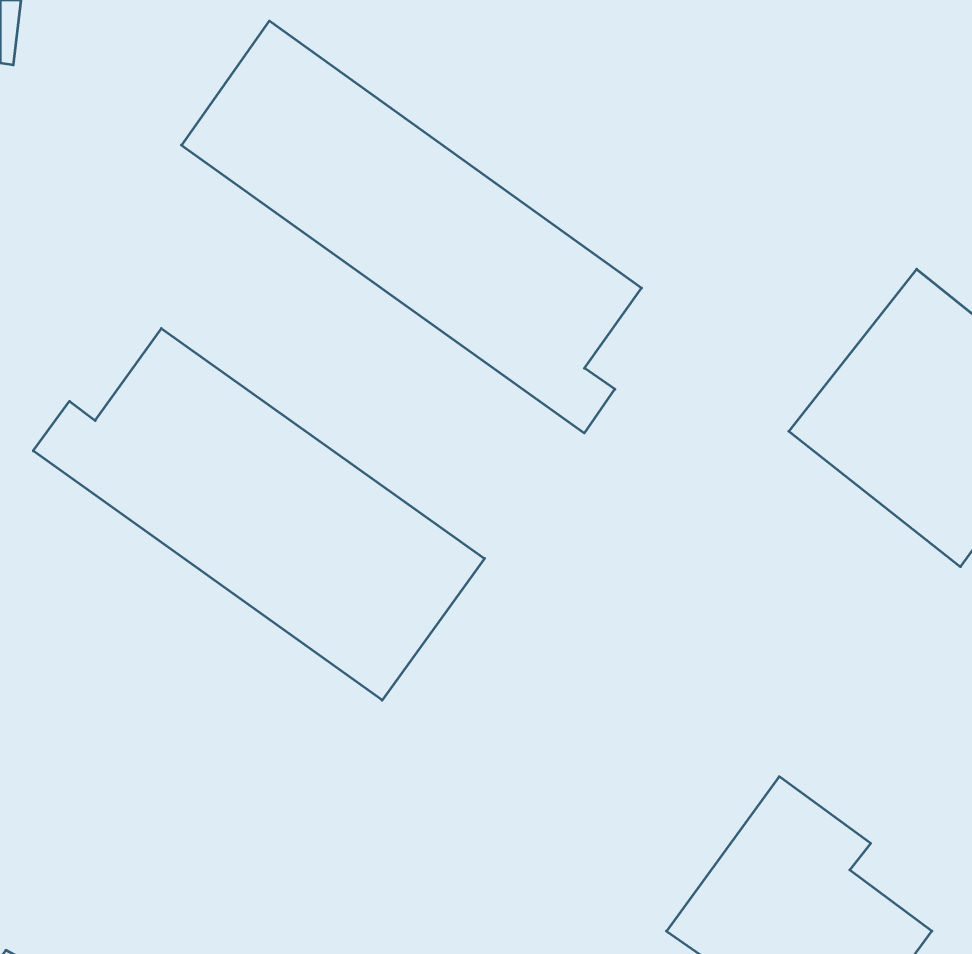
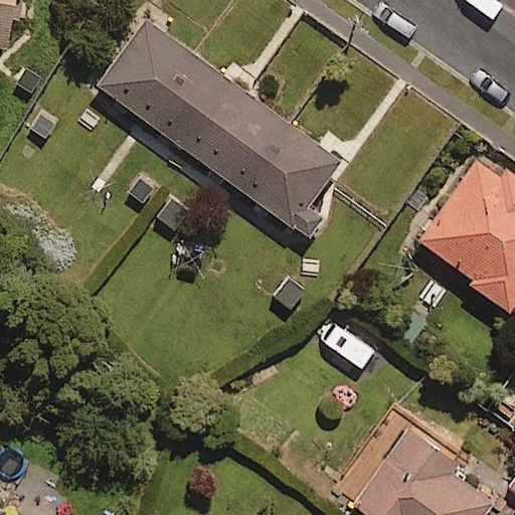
building: [33,328,485,700] -> none

